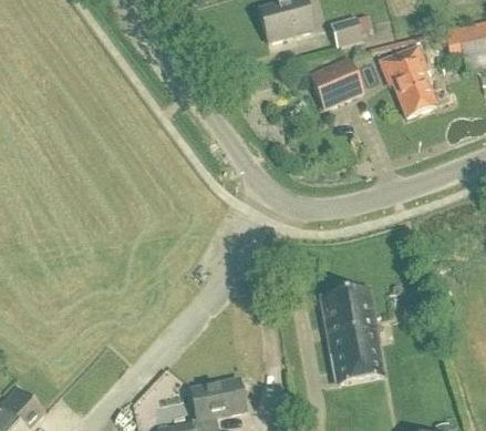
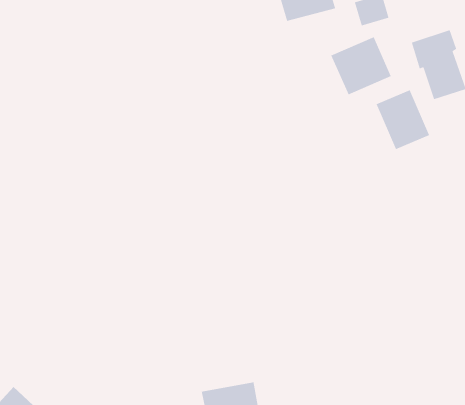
building: none -> [376,89,430,150]
building: [321,288,383,379] -> none

